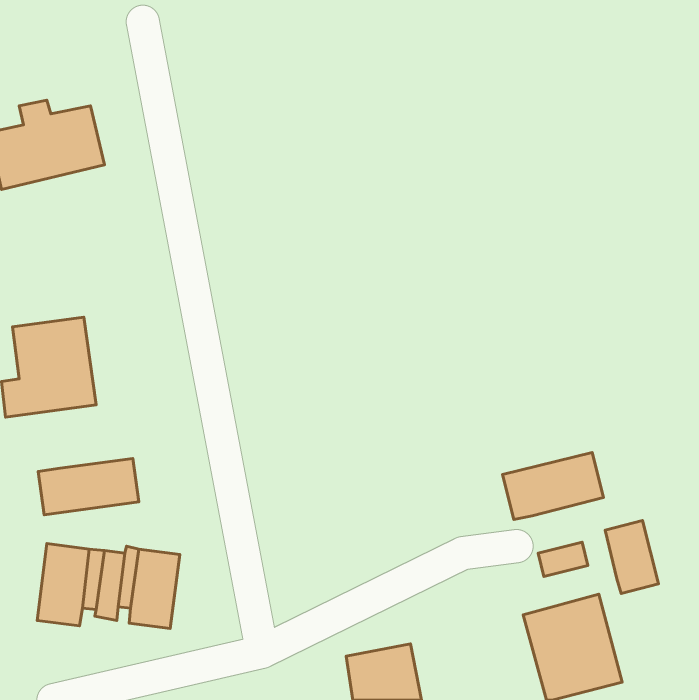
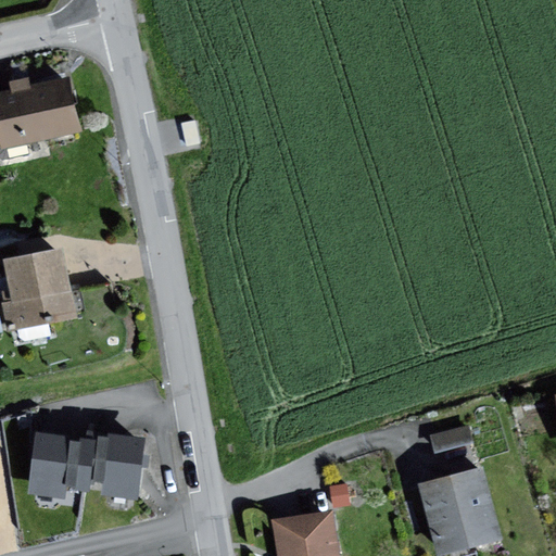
building: [503,452,604,520] -> none
building: [38,459,139,515] -> none
building: [605,521,658,593] -> none

